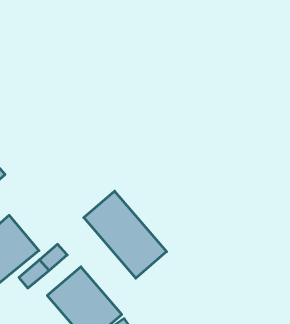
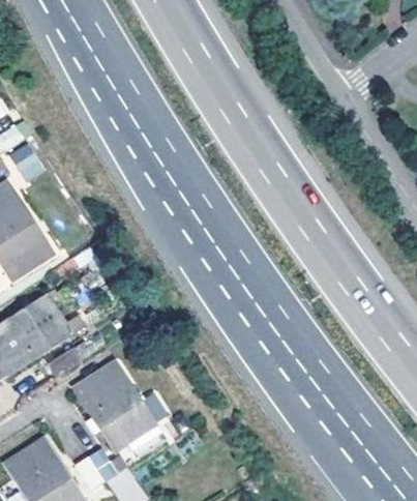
building: [84,191,167,278] -> none

